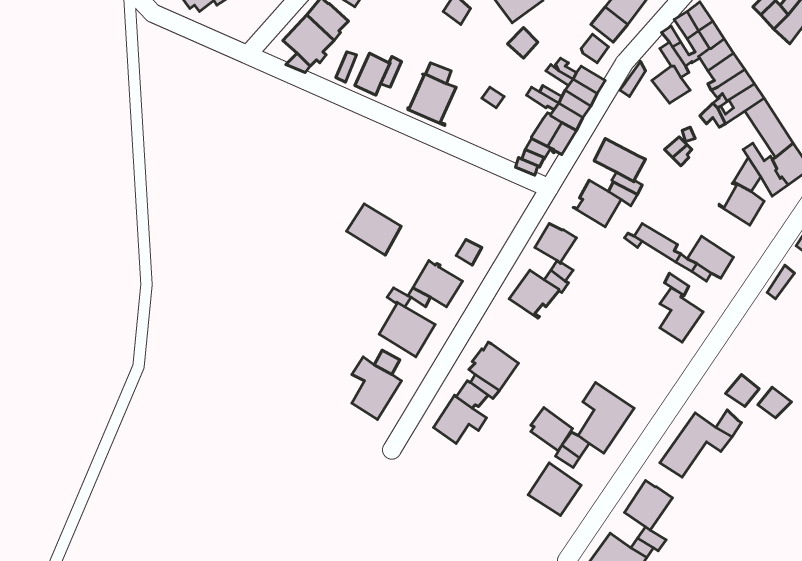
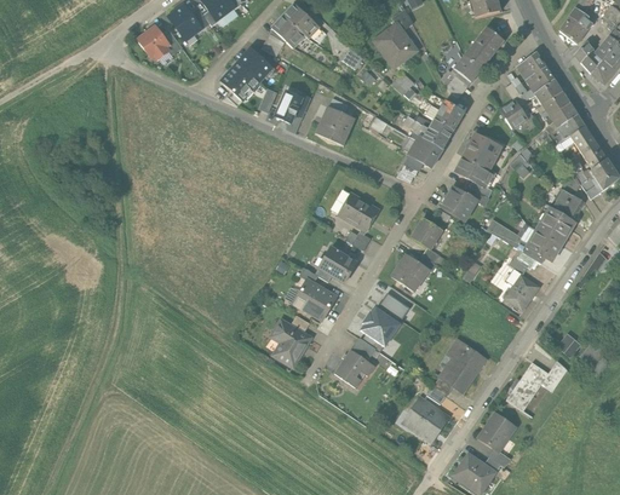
building: none -> [464,134,500,168]
building: [347,204,401,255] -> [337,192,378,231]
building: none -> [536,206,574,244]
building: [531,408,573,451] -> [378,292,409,324]

